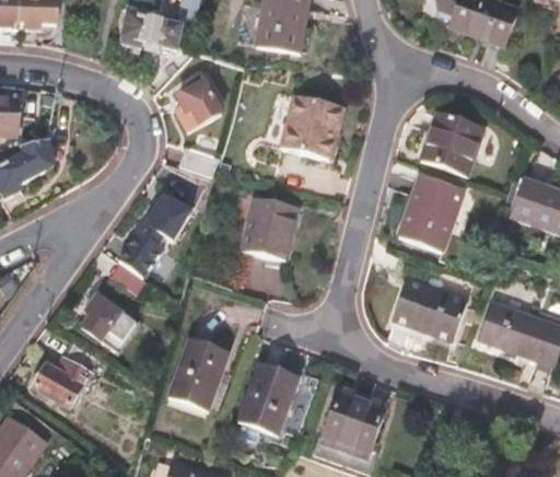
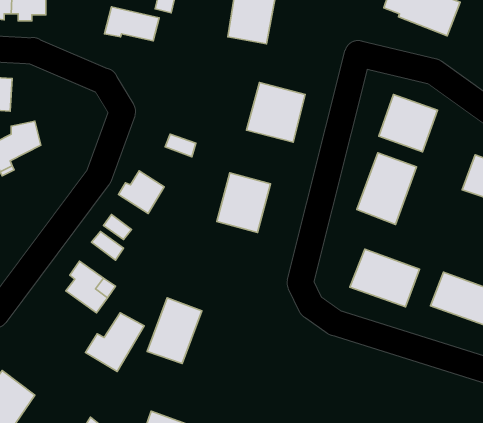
building: [176,80,221,128] -> none
building: [32,341,96,406] -> [85,313,144,371]
building: [238,360,298,431] -> none
building: [323,389,385,452] -> none

